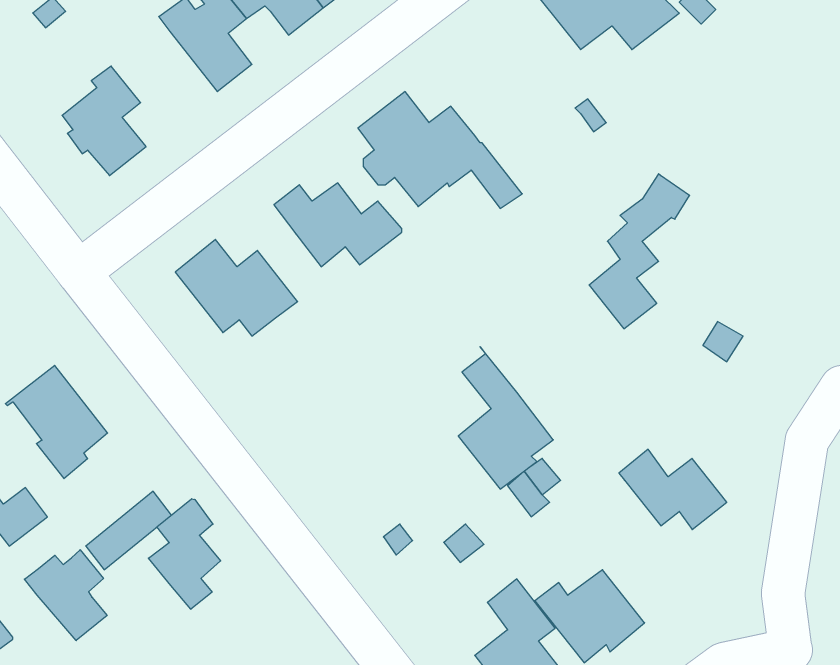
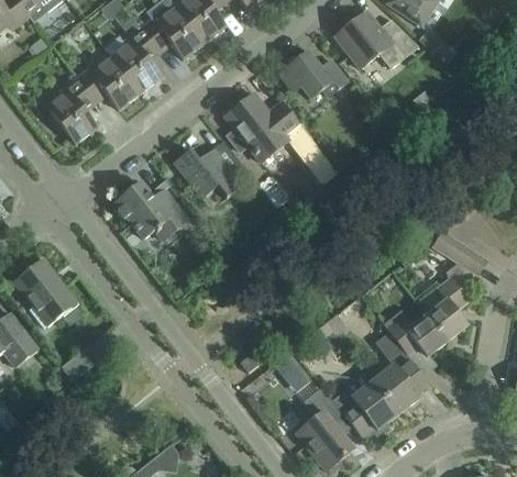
building: none -> [278,52,347,98]
building: none -> [76,57,140,110]
building: [589,174,690,329] -> [426,247,486,341]
building: [458,347,553,489] -> [372,328,429,413]
building: [148,499,221,609] -> none
building: [24,550,107,641] -> none

